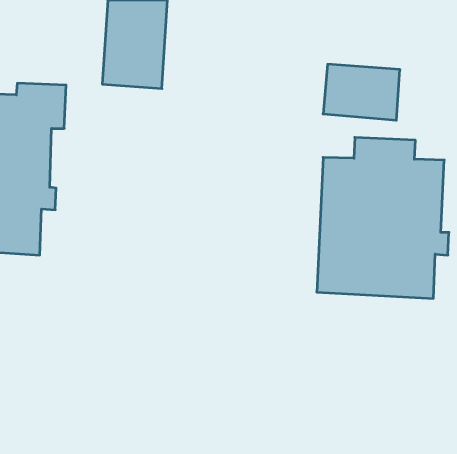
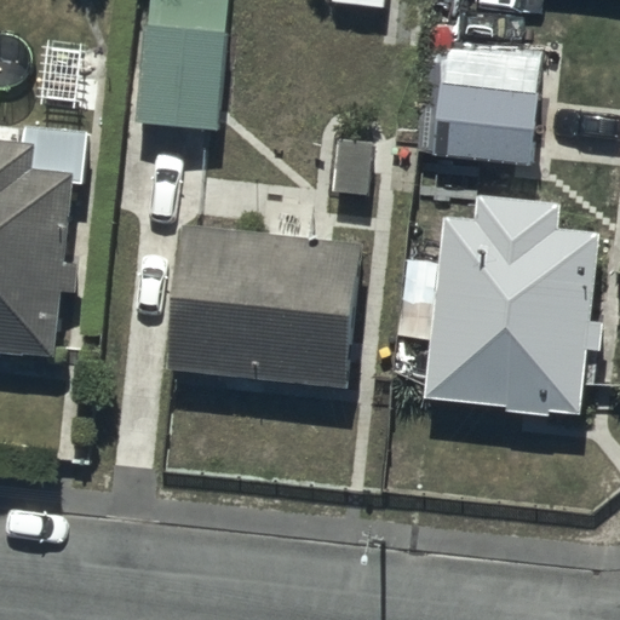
building: none -> [170,223,358,385]

